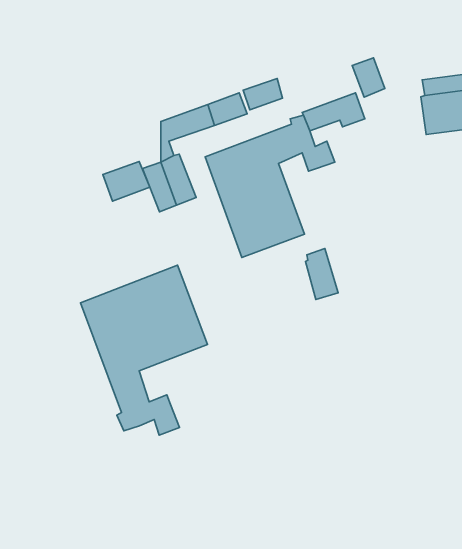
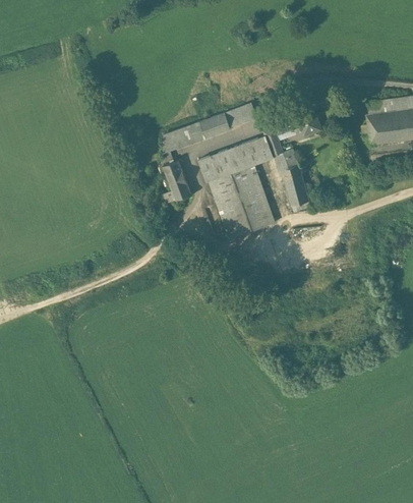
building: [352,58,385,97] -> none
building: [103,161,150,201] -> none
building: [305,248,338,299] -> [284,166,309,206]
building: [81,265,207,435] -> none

